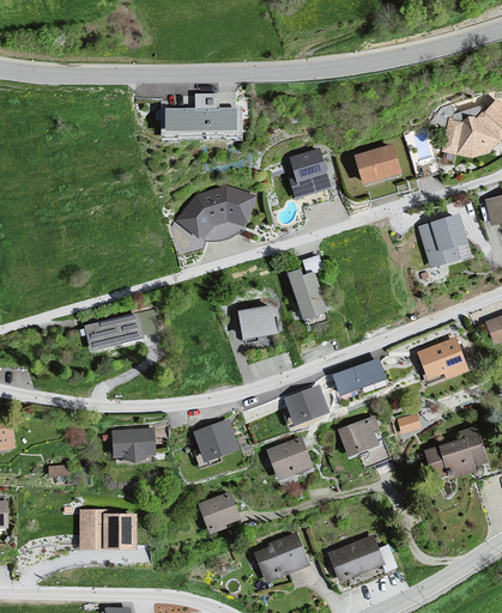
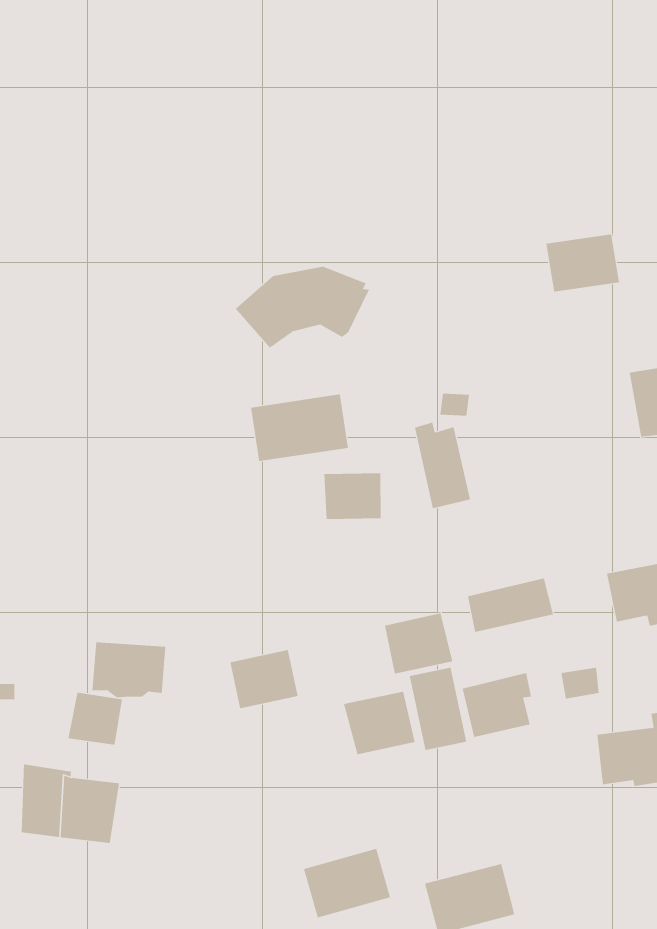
building: [159,105,230,132] -> none
building: [288,147,332,199] -> none
building: none -> [250,394,348,462]
building: [87,312,147,352] -> none
building: none -> [409,667,467,751]
building: none -> [68,692,123,746]
building: [199,490,242,530] -> none

